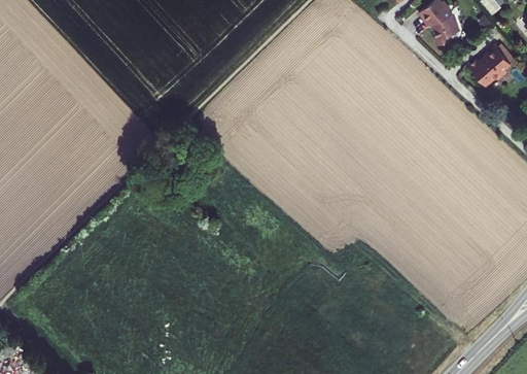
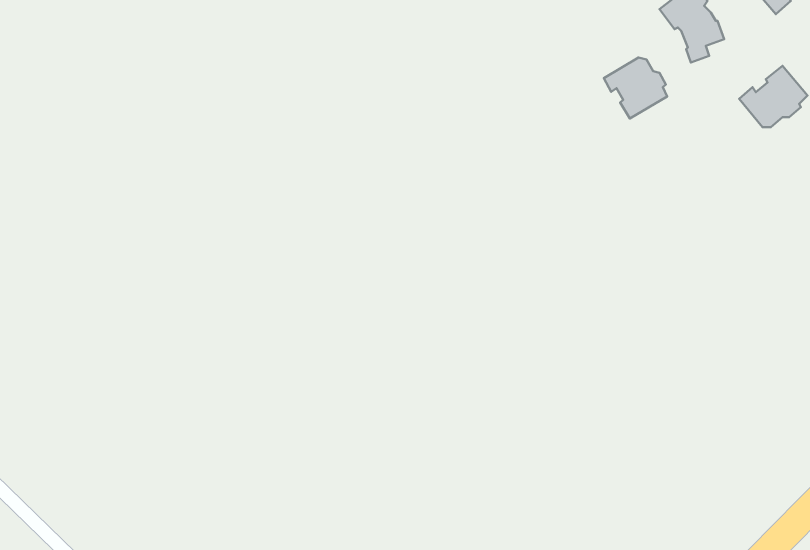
building: none -> [604,58,667,118]

